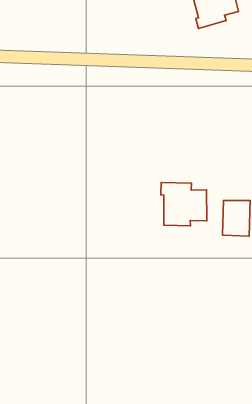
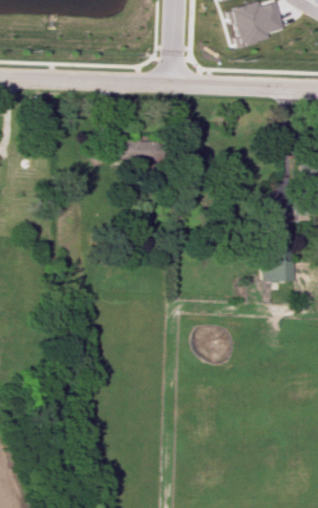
building: [161,183,207,226] -> none

